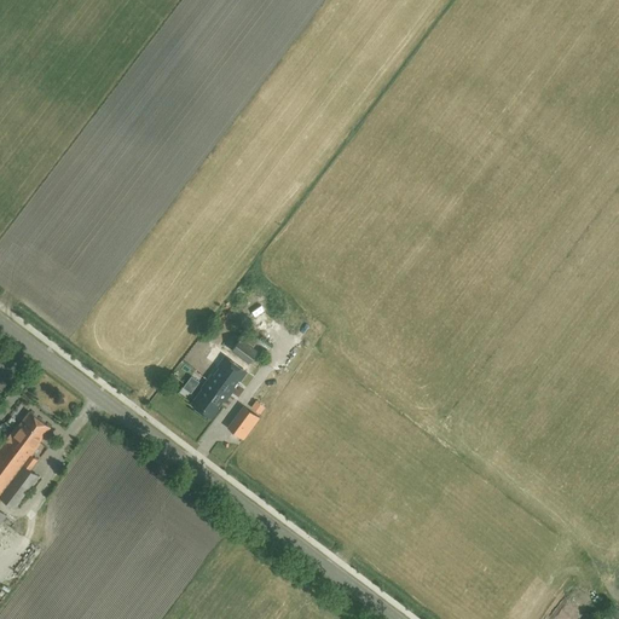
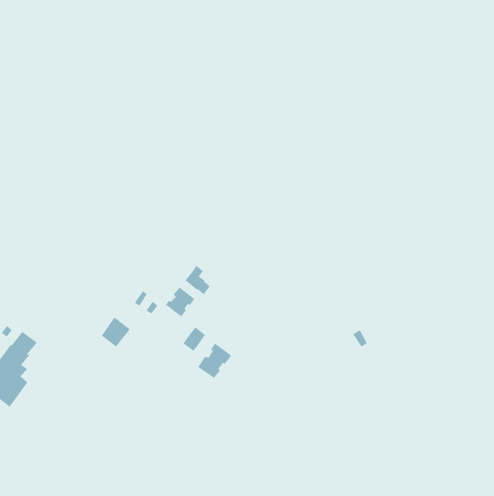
building: [189,380,226,418] -> [101,317,131,348]
building: none -> [197,343,232,379]

